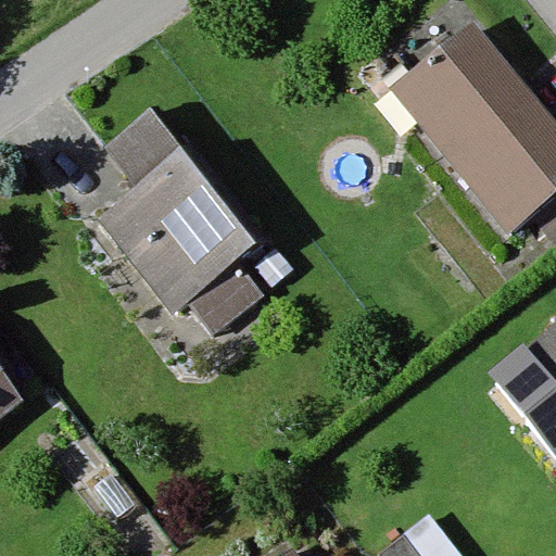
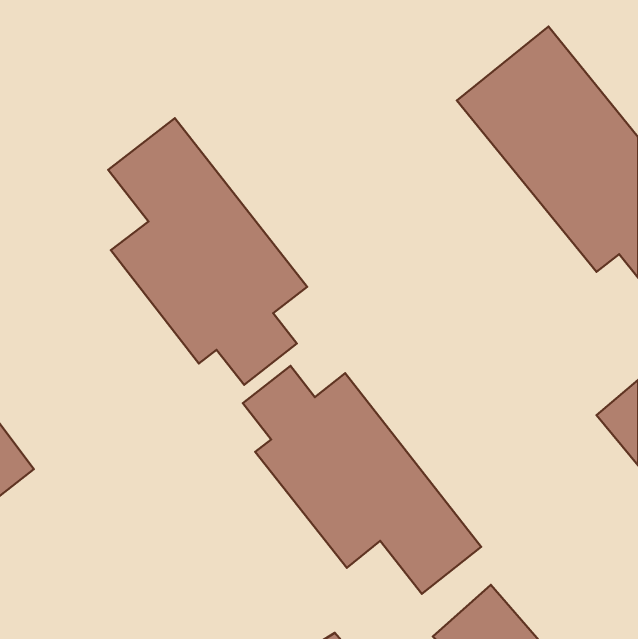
building: none -> [243,366,481,594]

